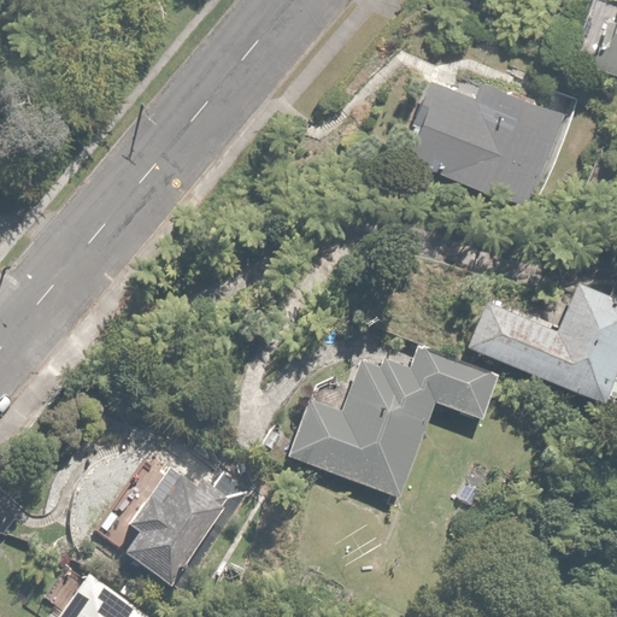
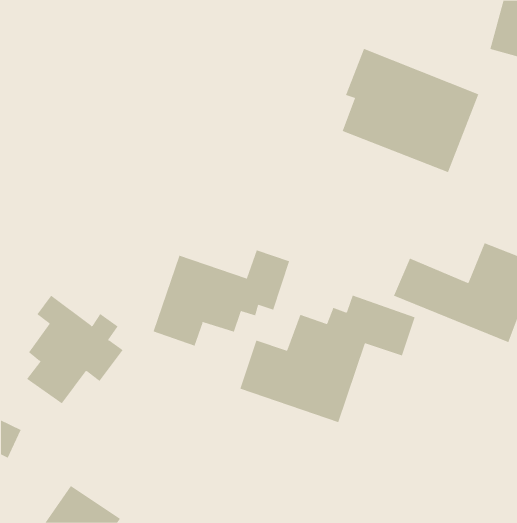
building: none -> [153,249,290,346]
building: [123,457,237,586] -> [26,295,123,404]

